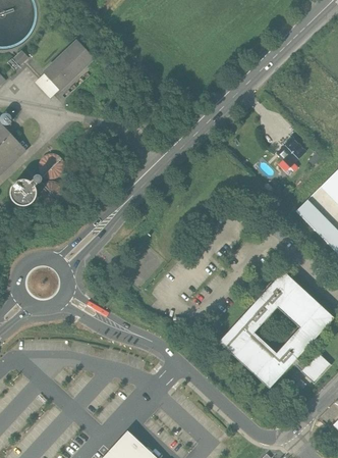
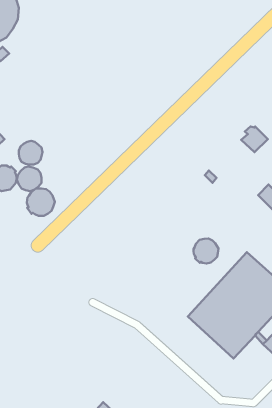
building: [46,43,92,89] -> none
building: none -> [27,188,55,216]
building: none -> [194,239,218,264]

